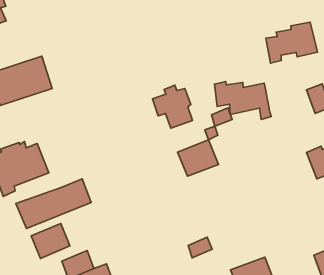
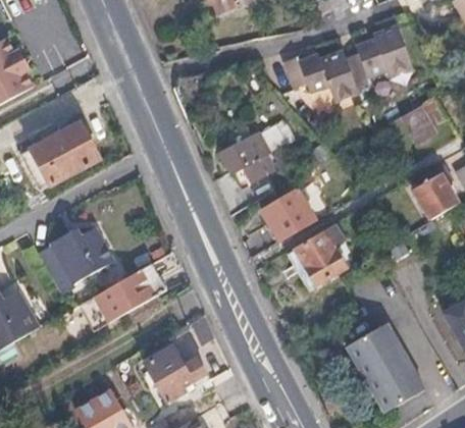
building: [215,81,271,119] -> [287,54,360,98]
building: none -> [289,225,345,287]
building: [31,223,70,259] -> none

